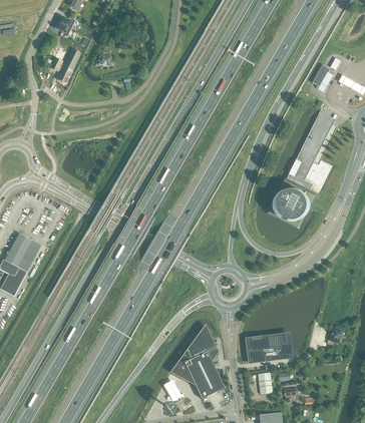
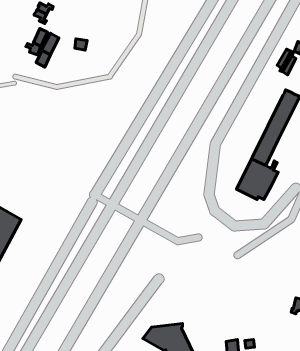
building: [179,324,218,359] -> none
building: [246,332,294,363] -> none

